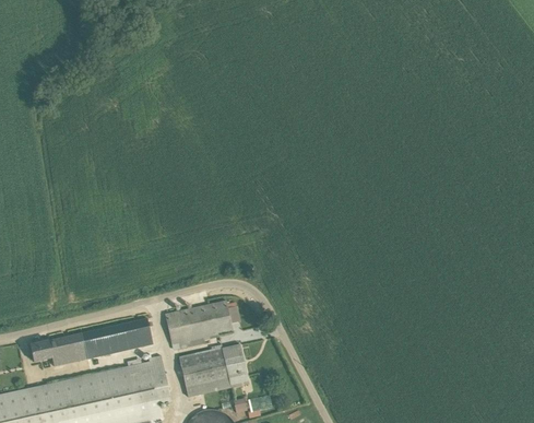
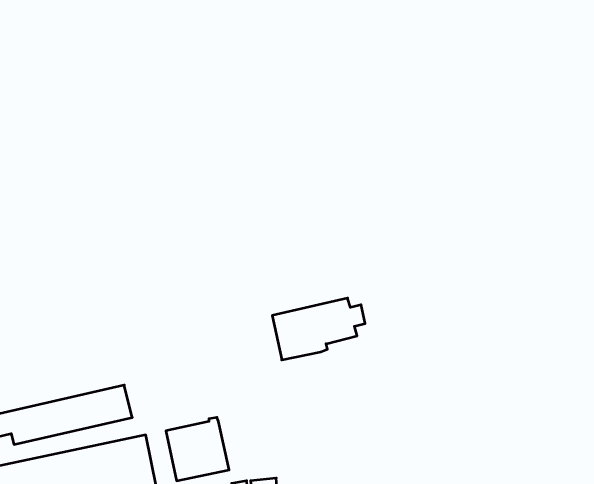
building: [164,299,239,350] -> [272,298,365,360]
building: [221,344,248,387] -> none

